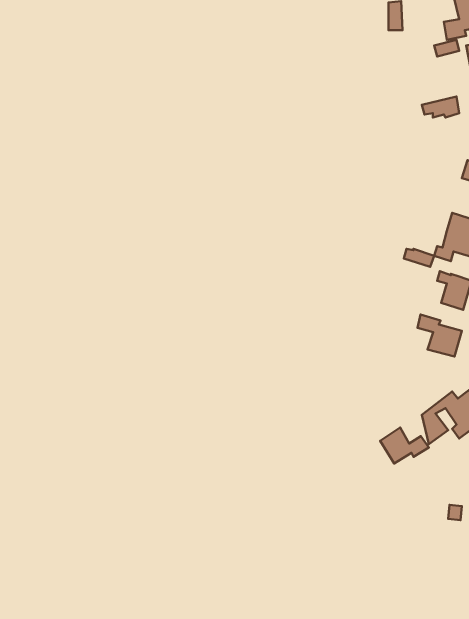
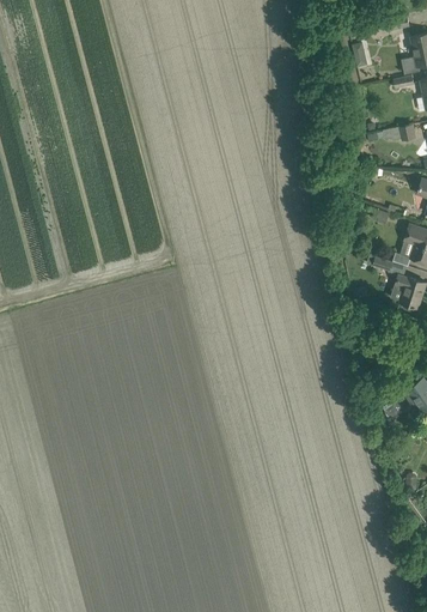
building: [417,315,462,357] -> none
building: [380,428,429,464] -> none

